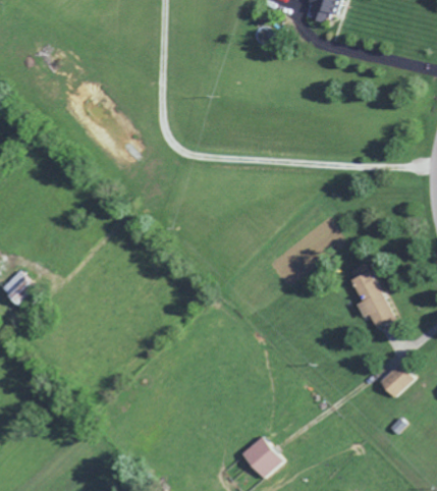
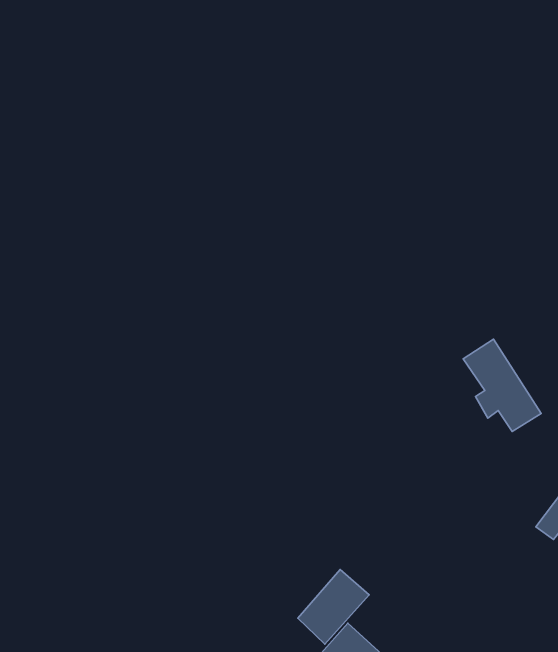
building: none -> [298,569,369,644]

